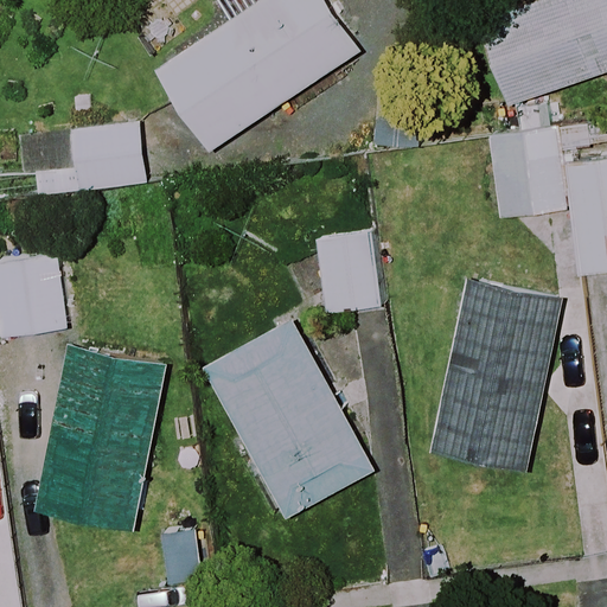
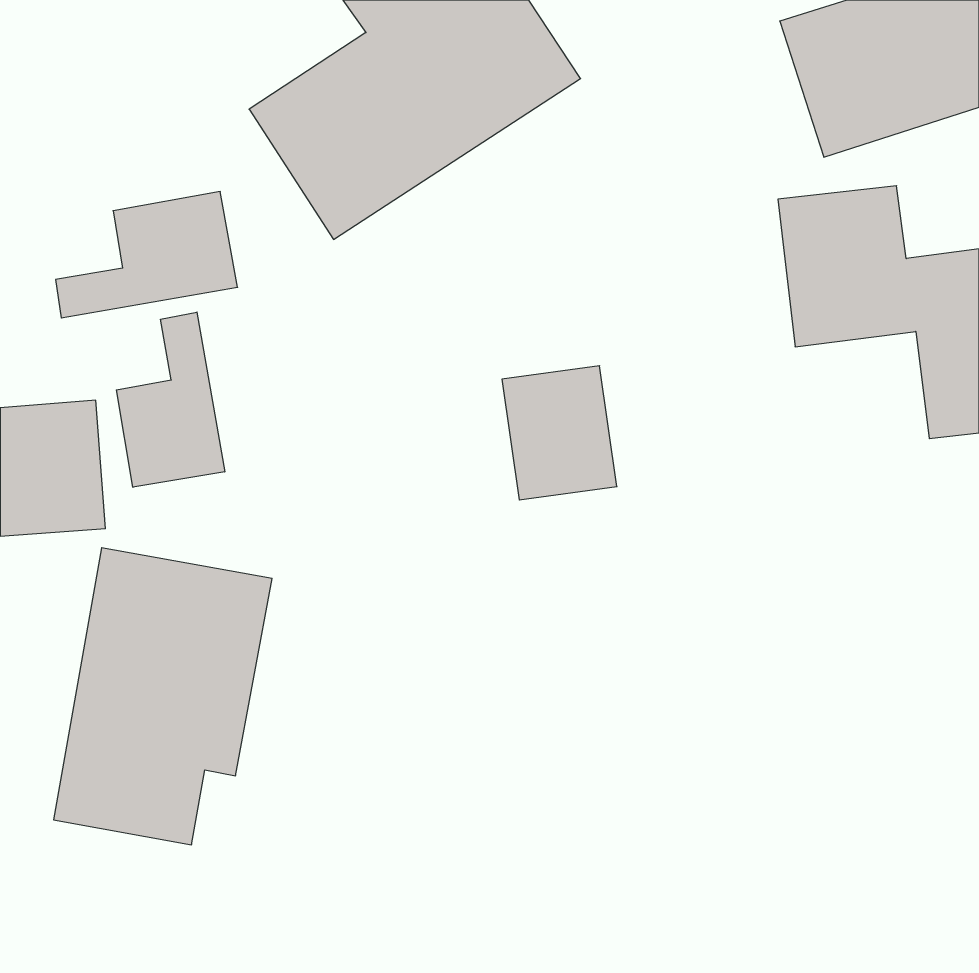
building: none -> [116,312,225,487]
building: [435,277,552,467] -> none
building: [204,319,373,518] -> none

